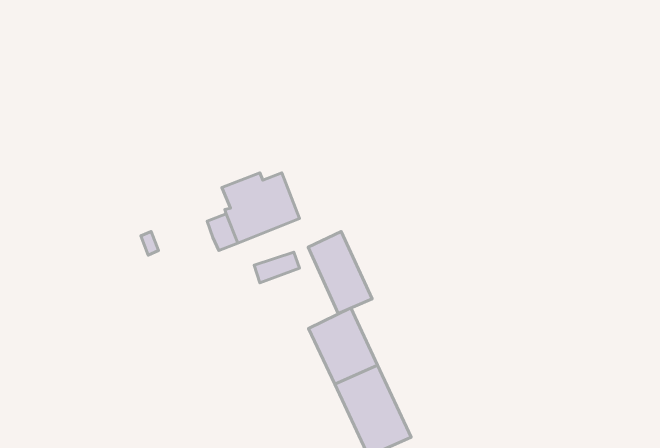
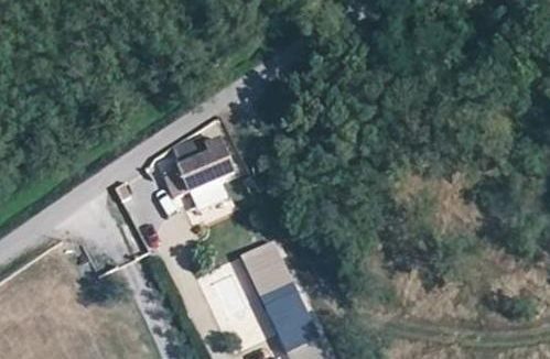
building: [308,231,372,313] -> none

